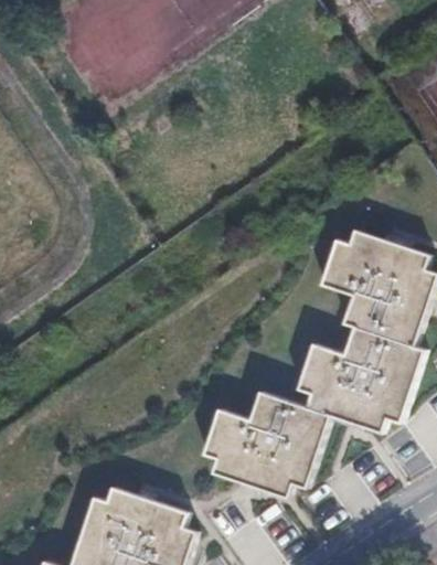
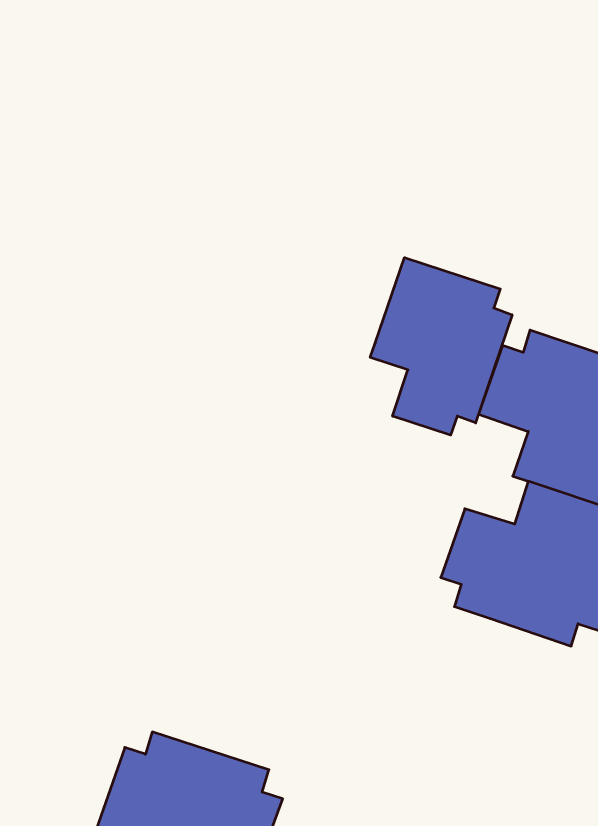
building: none -> [370,258,512,435]
building: [203,391,329,498] -> none

